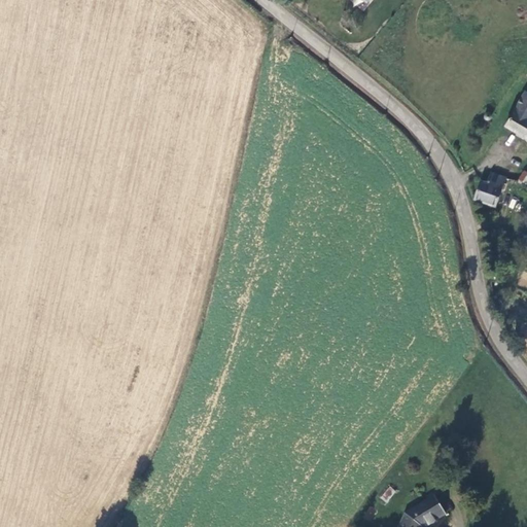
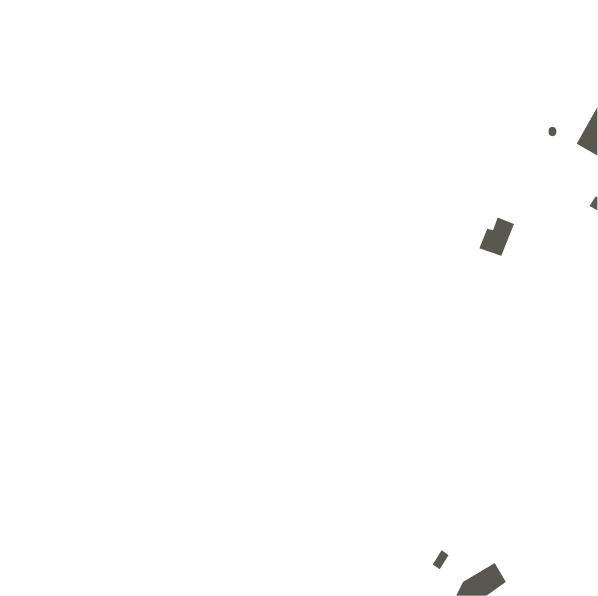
building: [475,171,506,206] -> [478,217,515,257]

